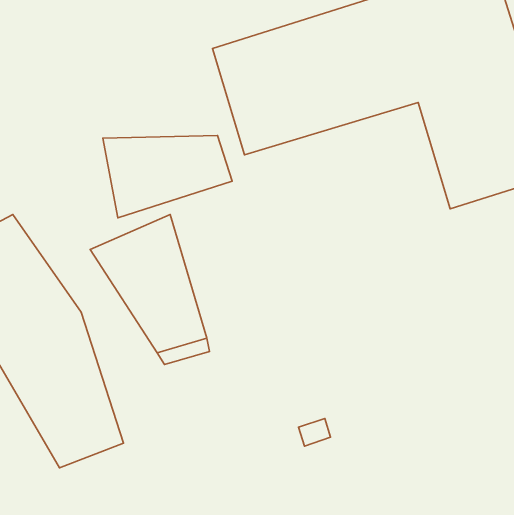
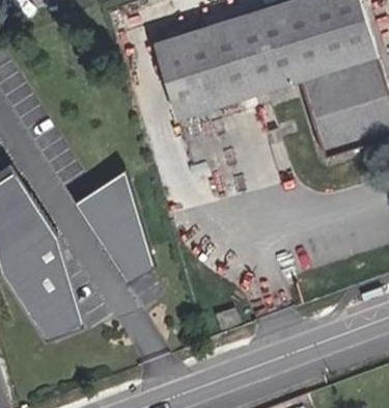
building: [103,135,232,218] -> none

